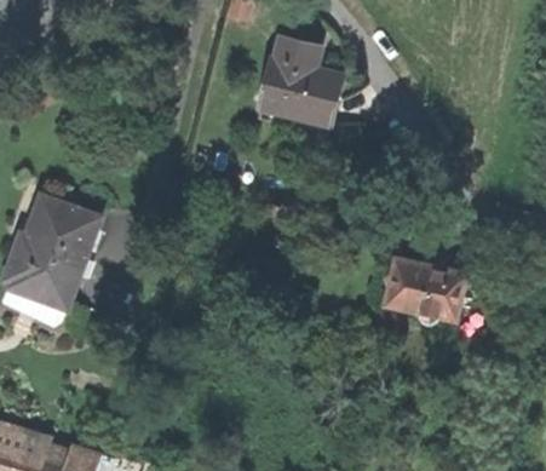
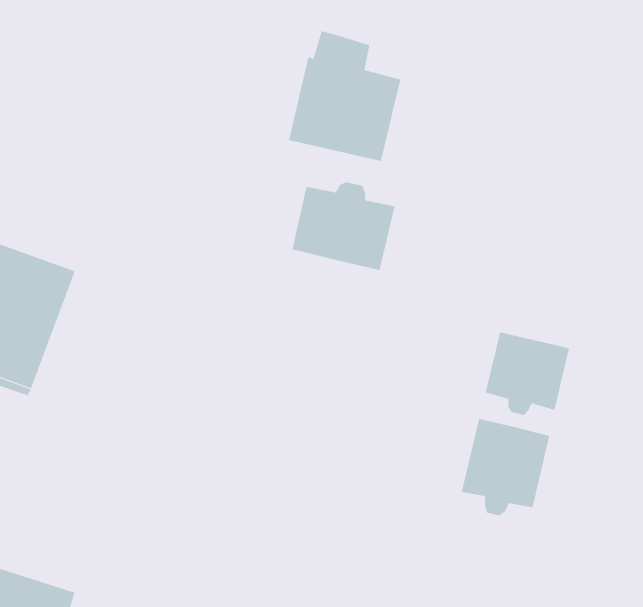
building: none -> [292,181,395,271]
building: none -> [461,418,550,516]

